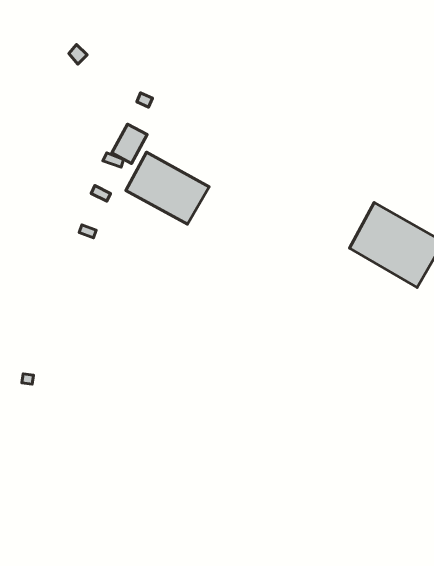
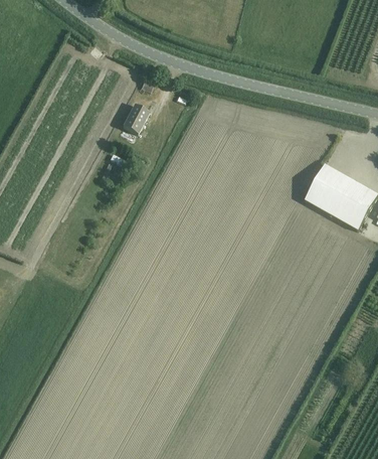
building: [126,152,209,224] -> none

